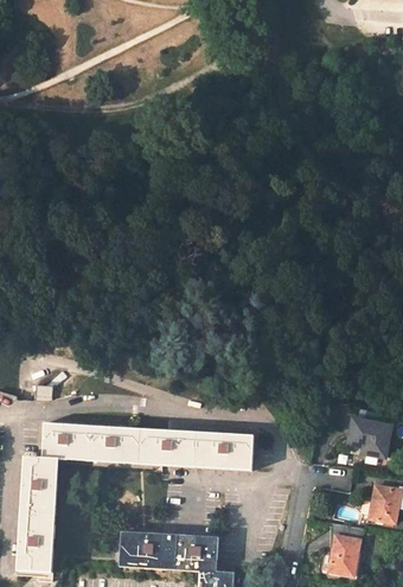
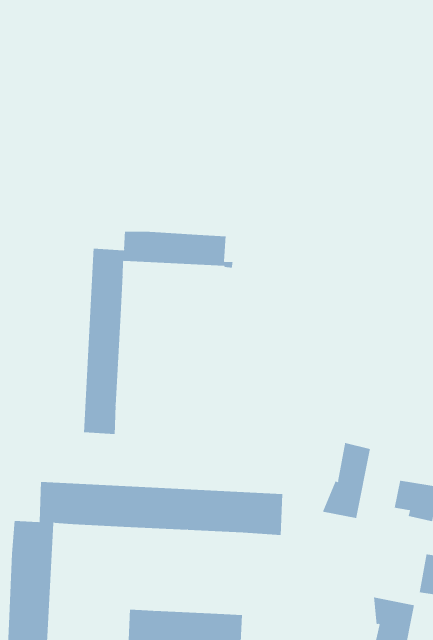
building: none -> [84,231,233,435]
building: none -> [322,442,371,519]

